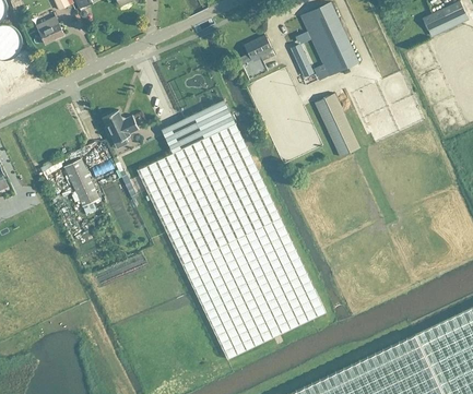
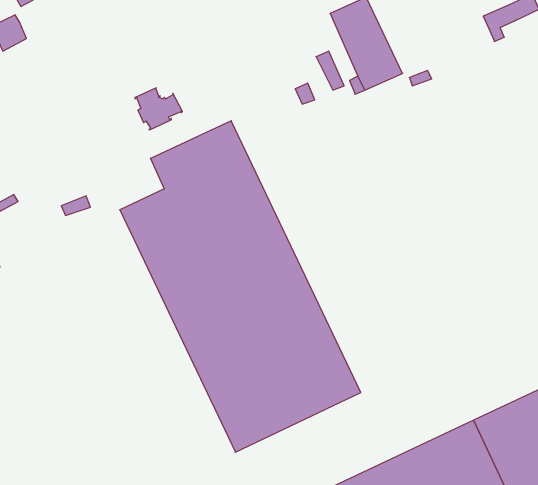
building: [245,36,274,62] -> none
building: [315,95,359,158] -> none
building: [102,111,139,144] -> [135,88,182,130]
building: [63,159,99,212] -> none

